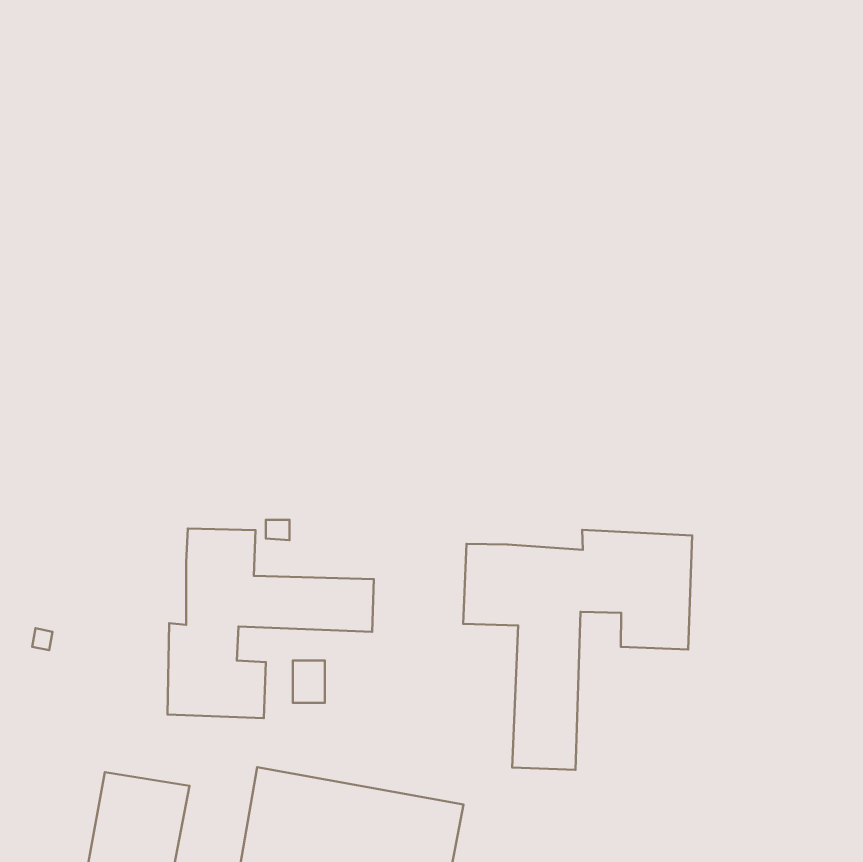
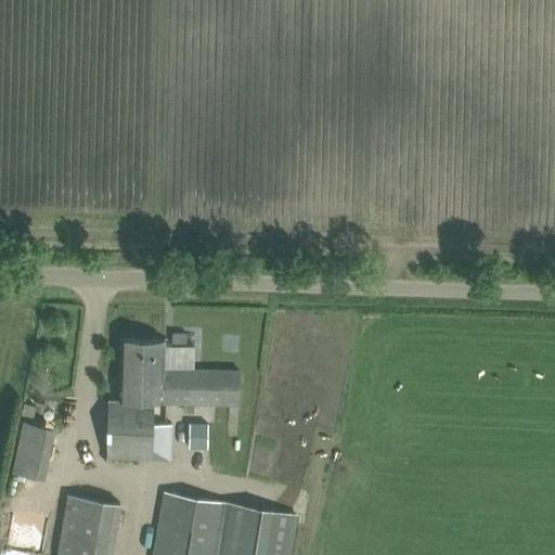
building: [463,530,692,770] -> none
building: none -> [13,422,55,480]

